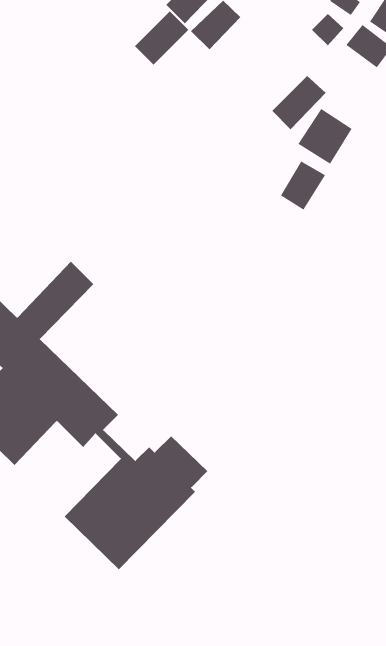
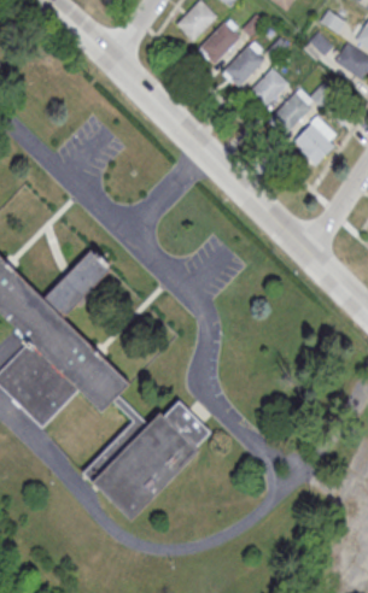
building: [134,11,189,66] -> [218,40,267,88]
building: none -> [246,66,287,108]
building: [280,161,326,210] -> none

